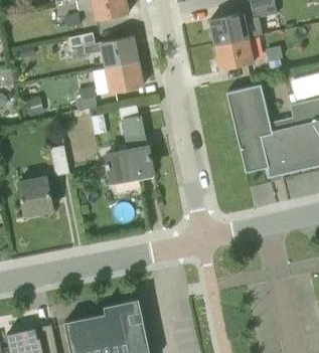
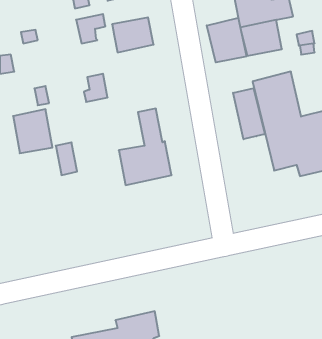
building: none -> [207,18,247,62]
building: [106,59,143,92] -> none
building: none -> [233,88,265,139]
building: [18,176,53,215] -> [13,109,52,153]

